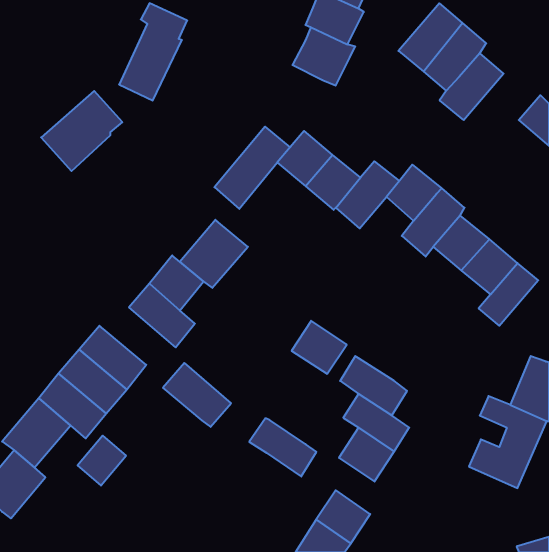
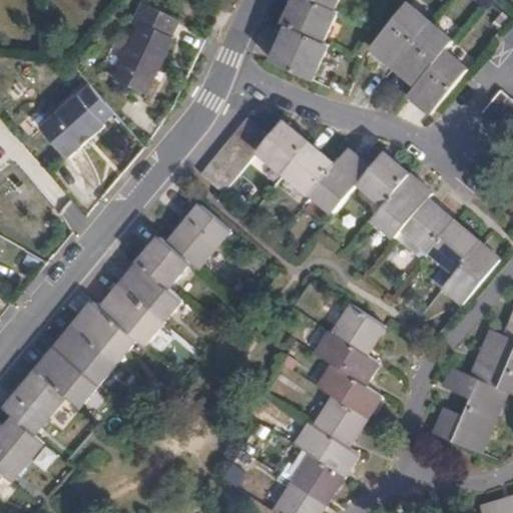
building: [292,321,347,374] -> [332,304,383,353]
building: [163,363,231,427] -> [99,285,162,344]
building: [249,418,316,477] -> [295,422,357,476]
building: [78,436,126,486] -> none

